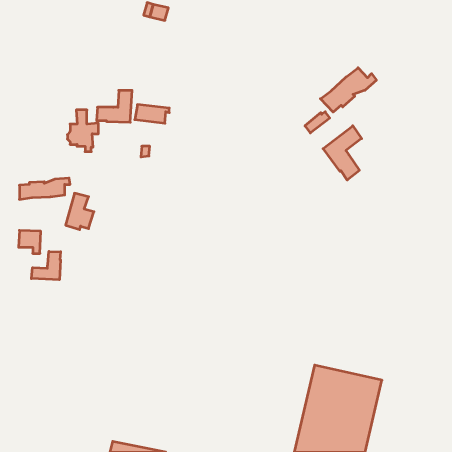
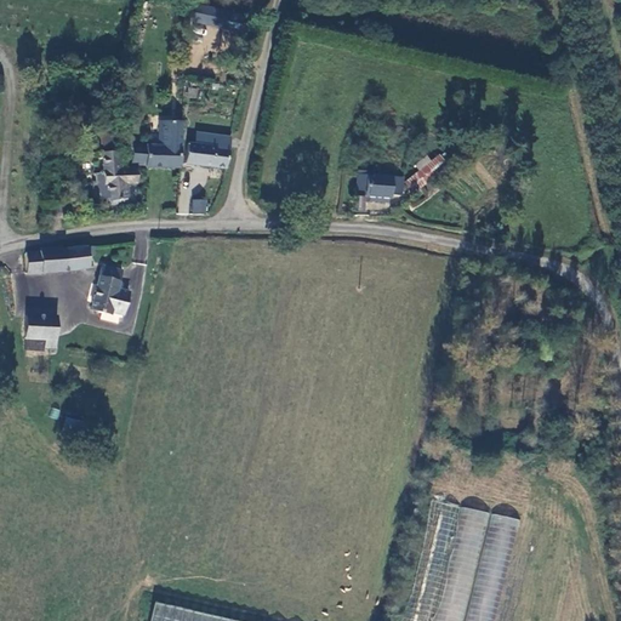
building: [320,68,376,112] -> none
building: [323,126,362,180] -> none
building: none -> [359,173,403,200]
building: [31,251,61,280] -> none

